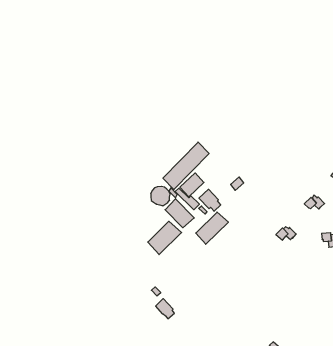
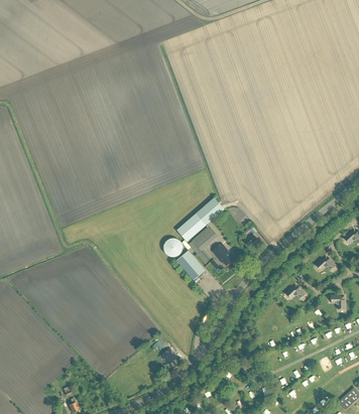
building: [196,212,228,244] -> none
building: [148,221,182,255] -> none

